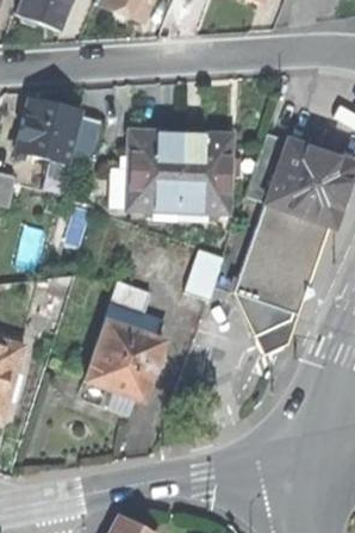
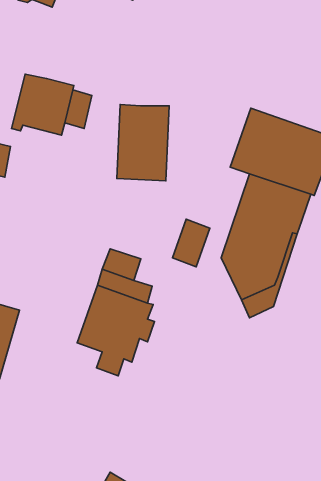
building: [178,131,232,211] -> none

